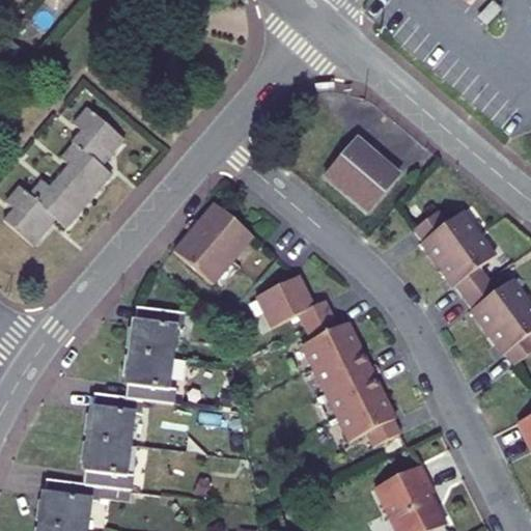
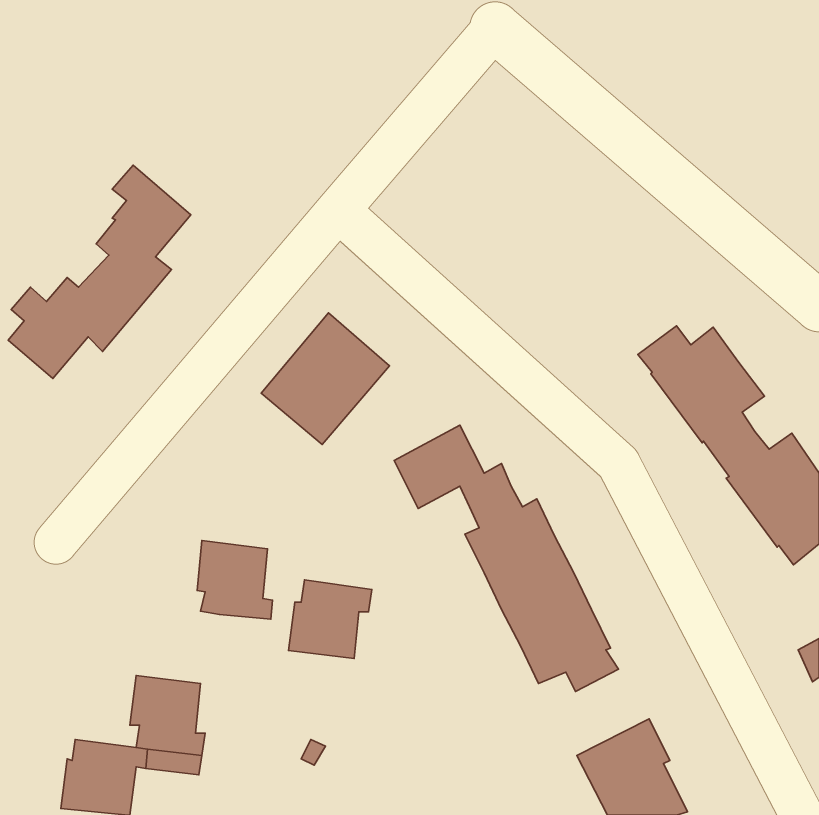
building: [327,137,399,209] -> none
building: [131,304,185,355] -> [288,580,372,658]
building: [88,391,142,442] -> none

